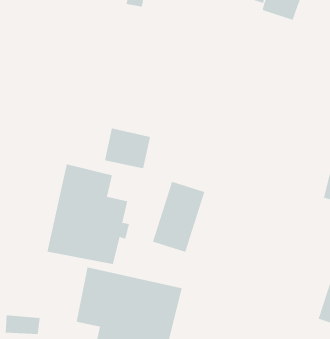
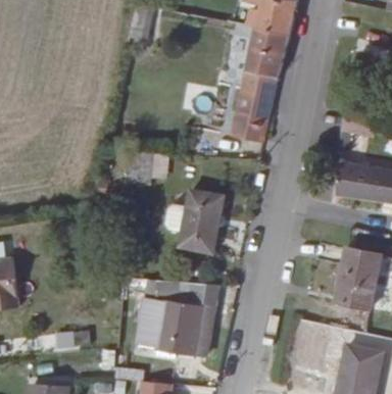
building: none -> [230,27,286,147]
building: [47,164,130,265] -> none

